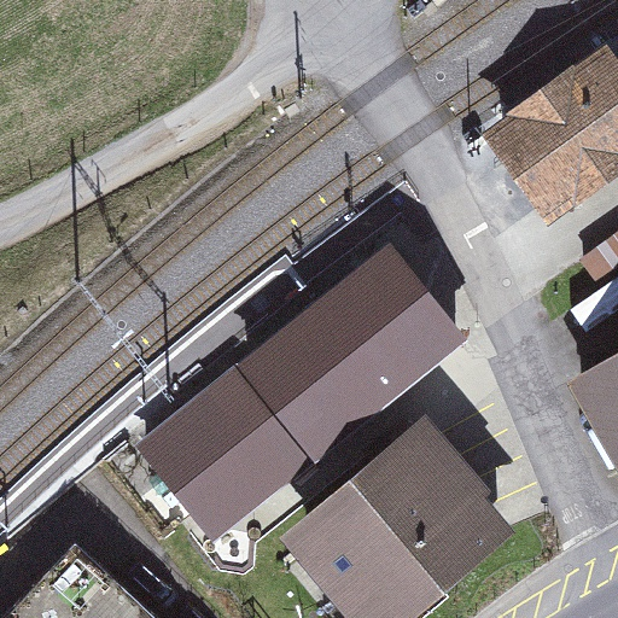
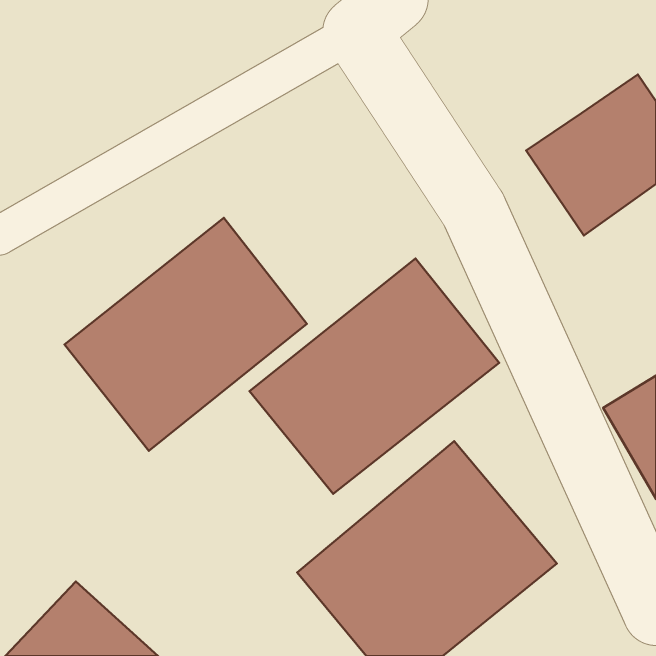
building: none -> [64,218,307,451]
building: [134,367,313,543] -> none

